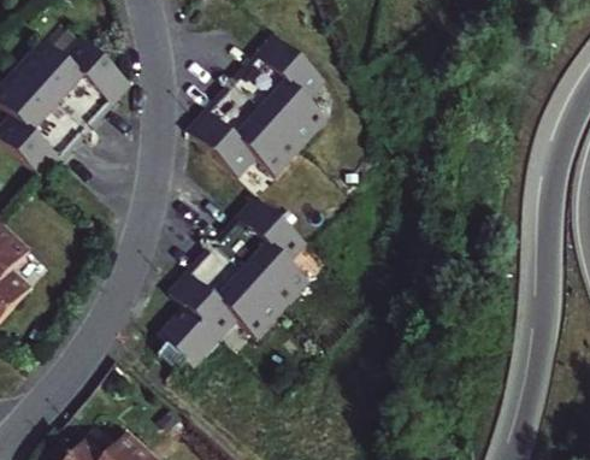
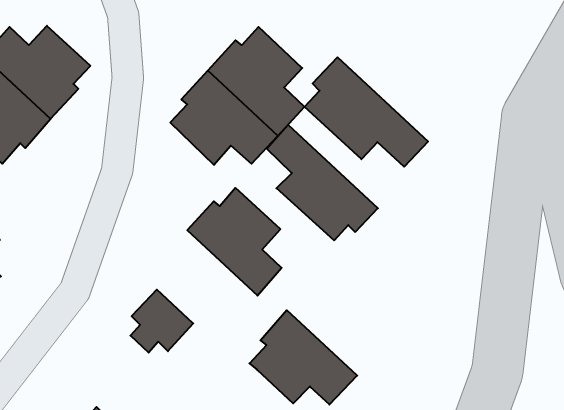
building: none -> [305,57,428,167]
building: none -> [267,125,378,240]
building: [177,246,284,340] -> [249,310,357,405]

